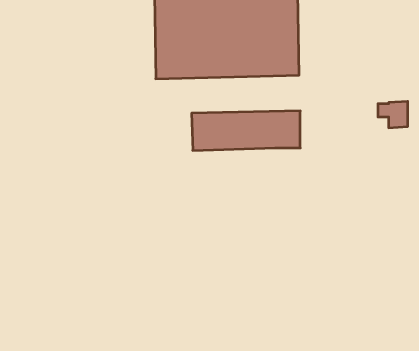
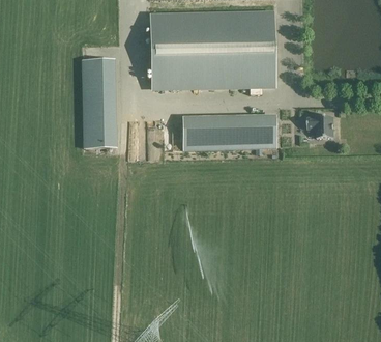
building: none -> [84,61,117,149]
building: [378,101,408,128] -> [305,113,331,136]

